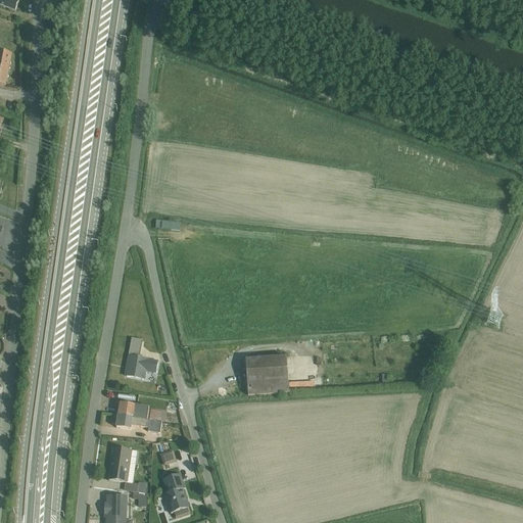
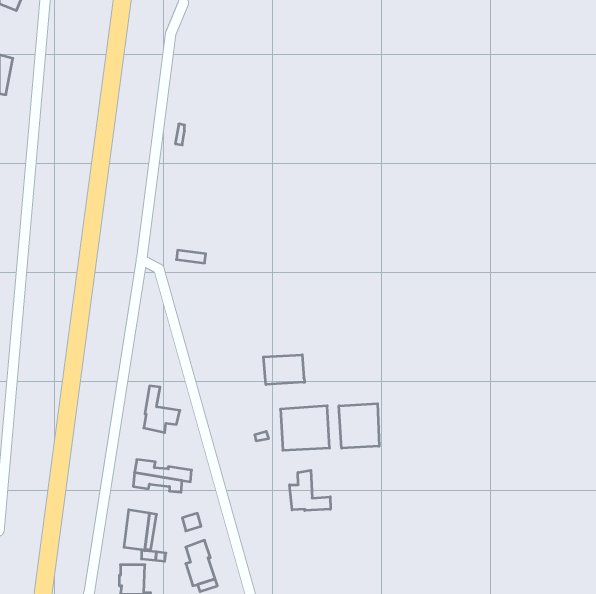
building: none -> [263,355,305,385]
building: none -> [339,404,379,448]
building: none -> [290,470,330,511]

